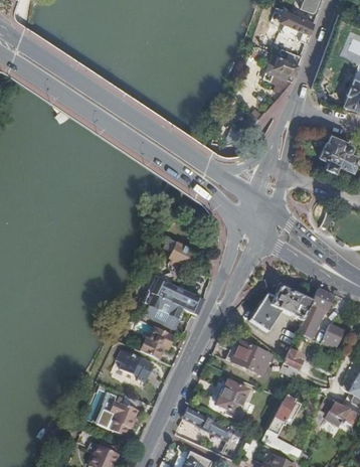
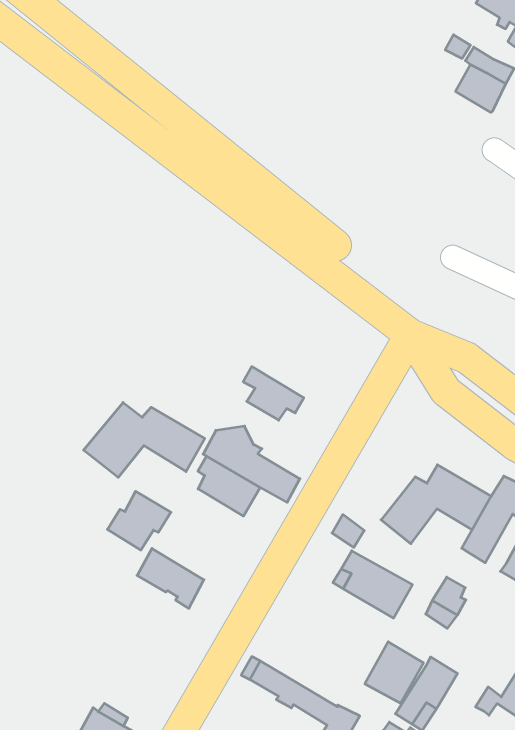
building: none -> [84,402,205,477]
building: [137,325,172,358] -> [107,491,171,550]
building: [216,379,248,414] -> [365,642,423,703]
building: [109,400,138,435] -> none

